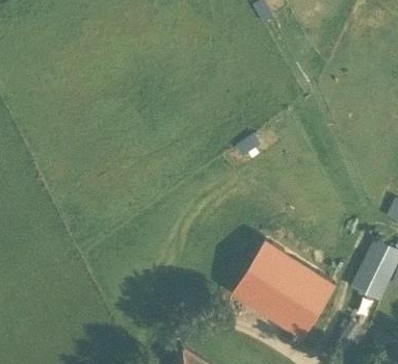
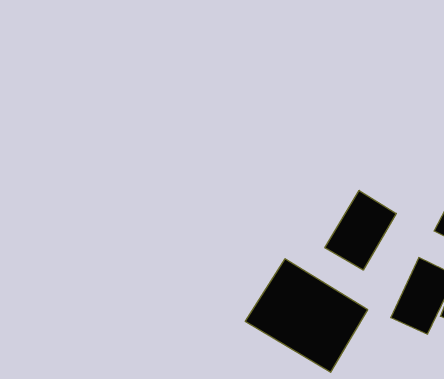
building: none -> [325,190,396,270]

